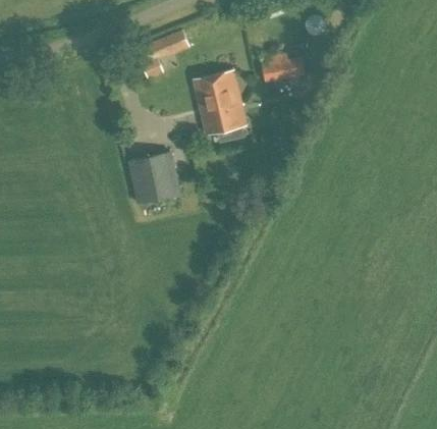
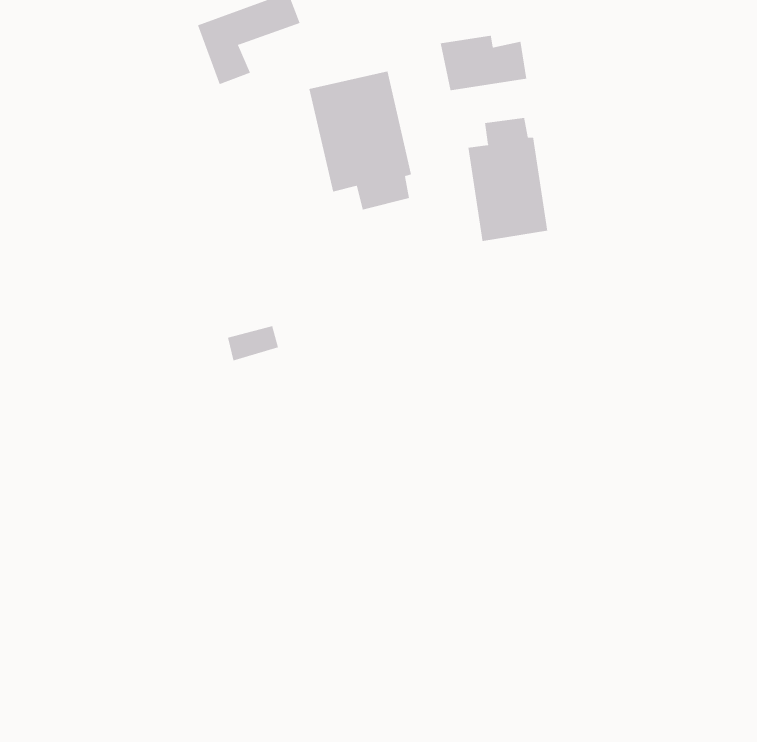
building: none -> [468,117,548,242]
building: [128,151,181,204] -> none

